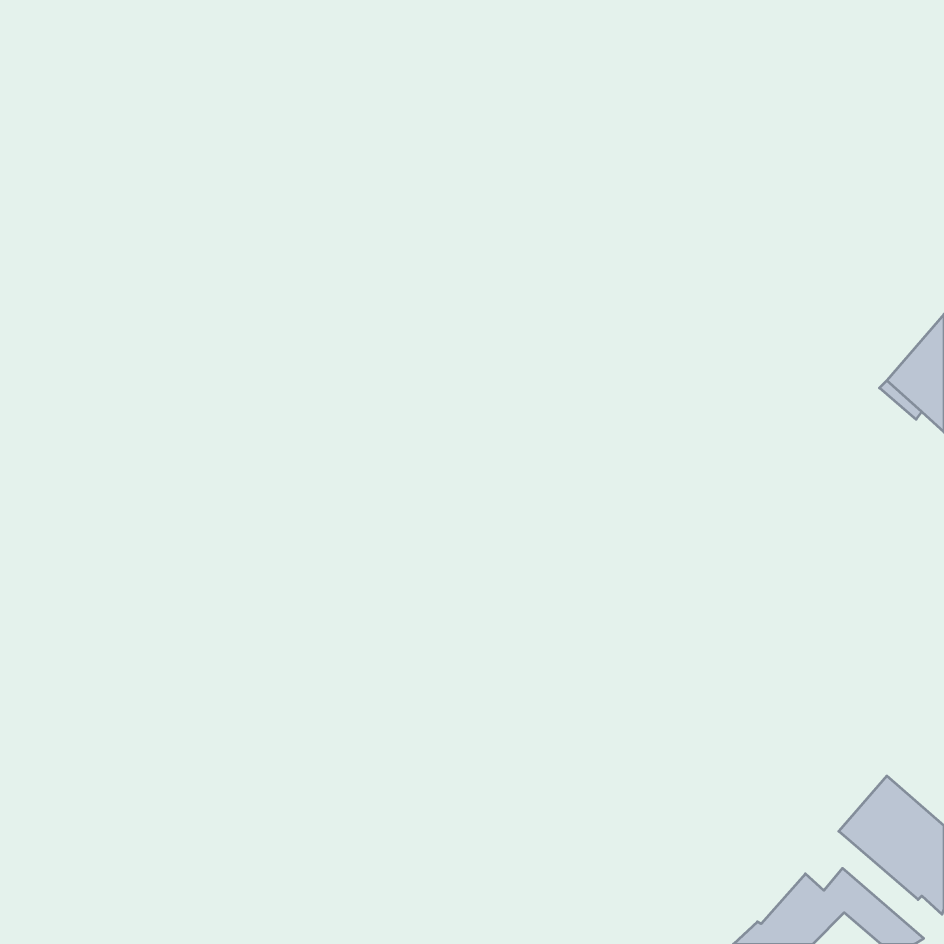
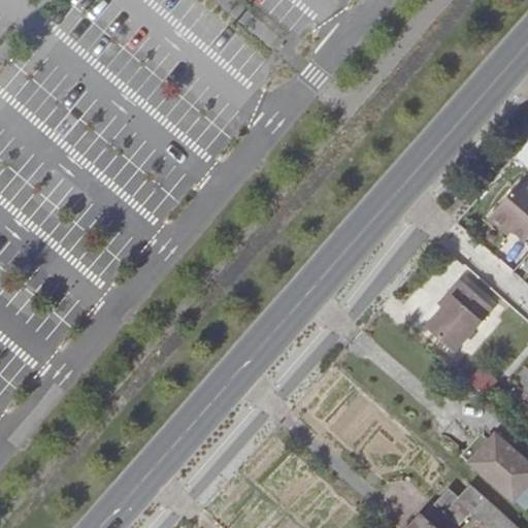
building: none -> [428,282,492,351]

